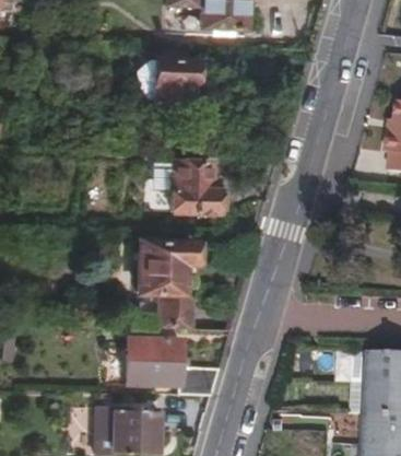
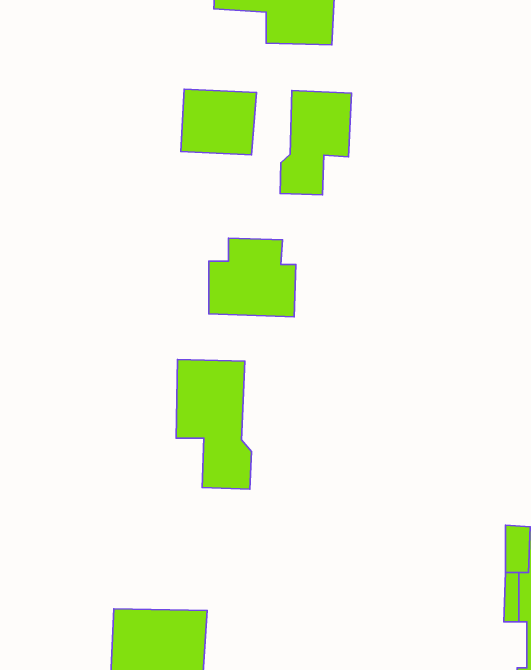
building: none -> [280,90,351,195]
building: [126,339,217,395] -> none

